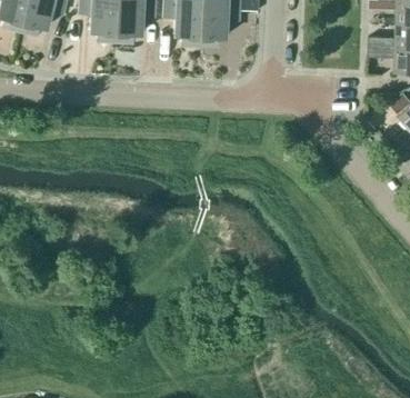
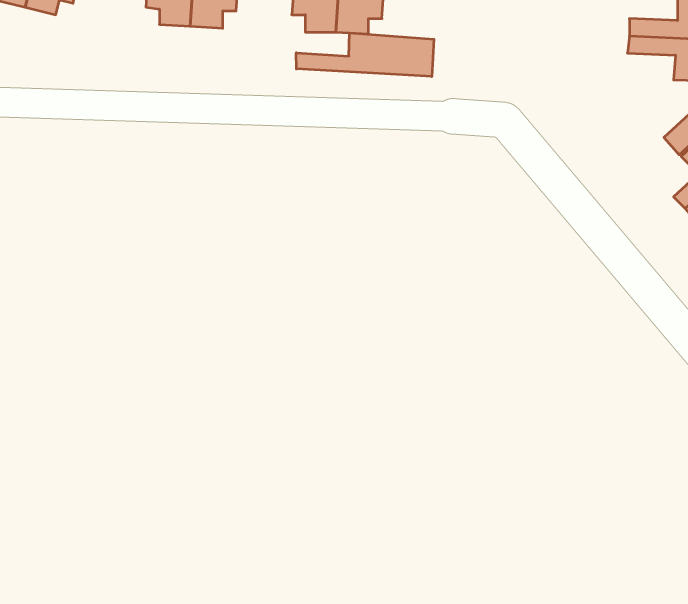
building: none -> [296,33,434,77]

